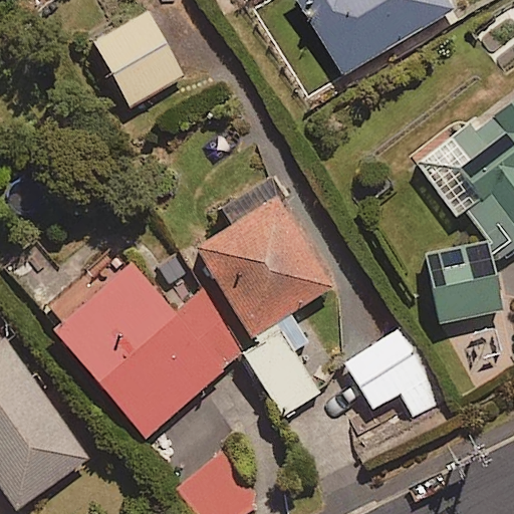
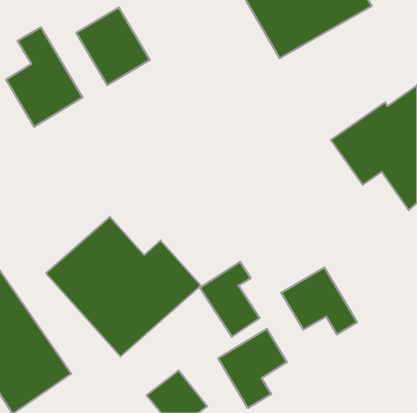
building: none -> [6,27,83,127]
building: [200,181,332,336] -> none
building: [428,244,501,322] -> none
building: none -> [218,329,287,408]

